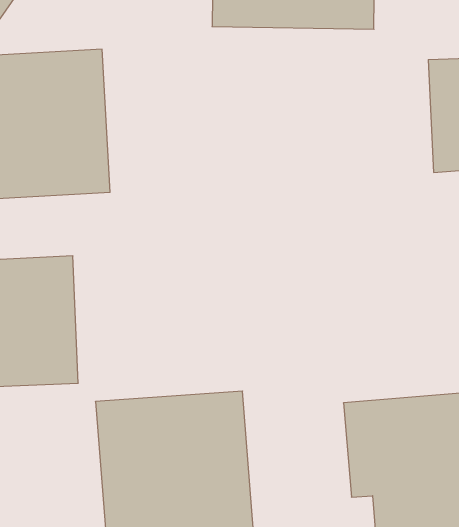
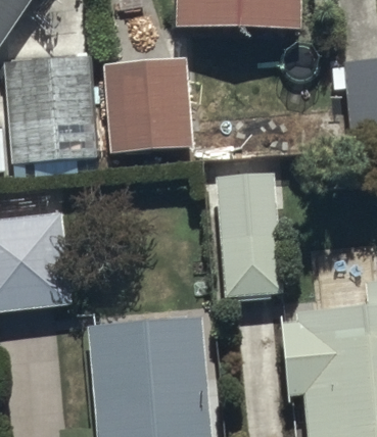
building: none -> [104,54,193,154]
building: none -> [217,193,281,295]

